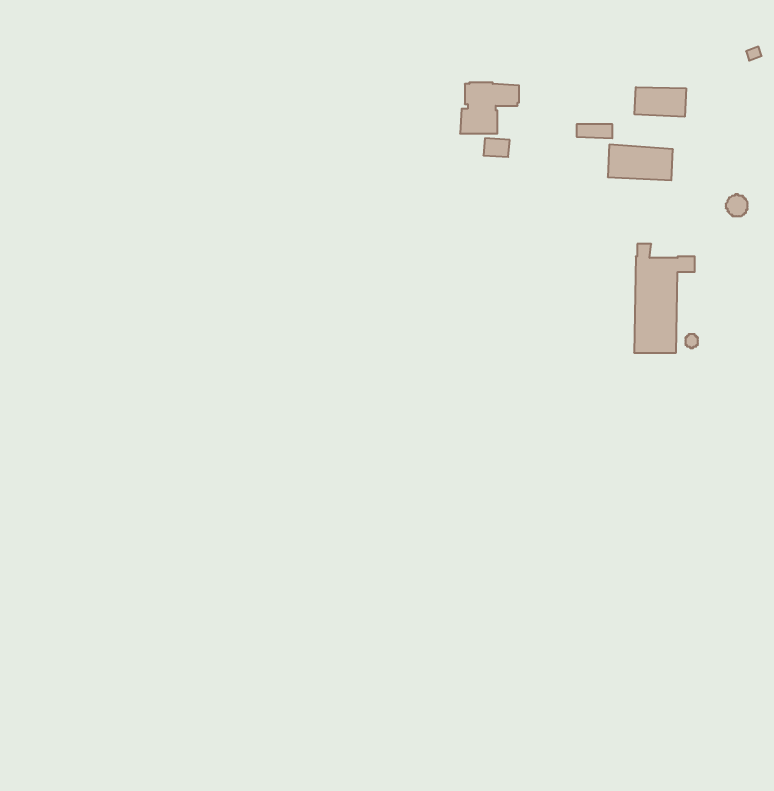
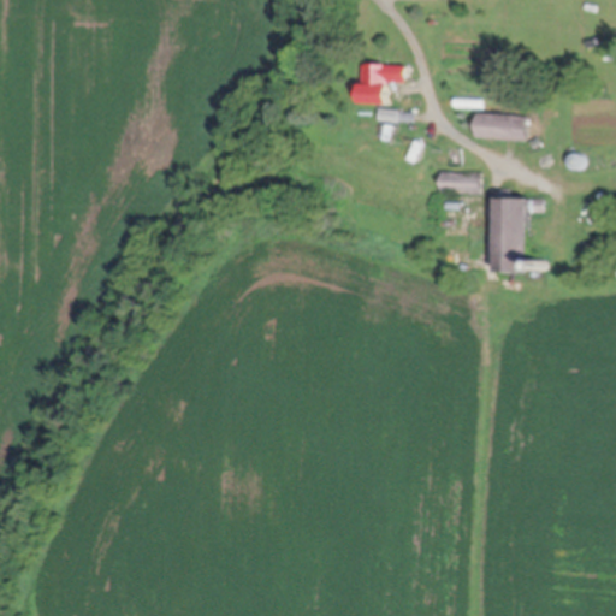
building: [635,87,686,117] -> none
building: none -> [436,171,475,192]

